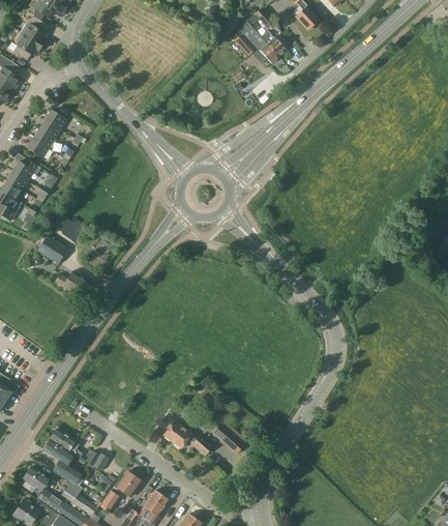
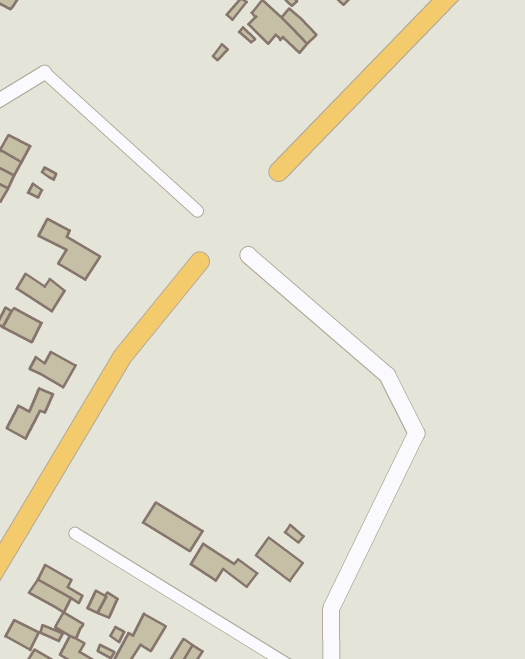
building: none -> [39,219,100,280]
building: none -> [7,388,53,439]
building: none -> [143,503,203,551]

